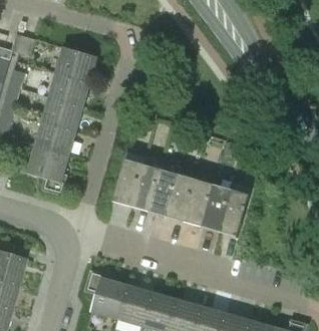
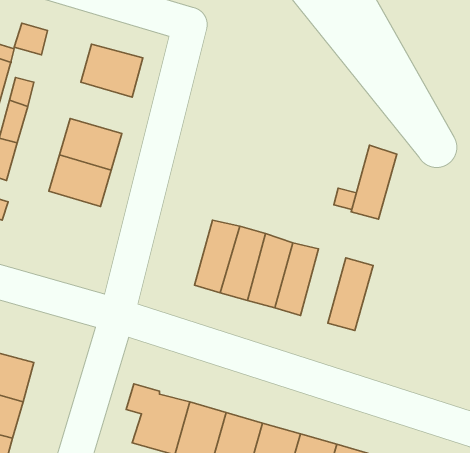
building: [49,72,90,106] -> none
building: [27,144,69,193] -> none
building: [113,157,143,207] -> none
building: [202,183,232,232] -> [351,145,397,219]

